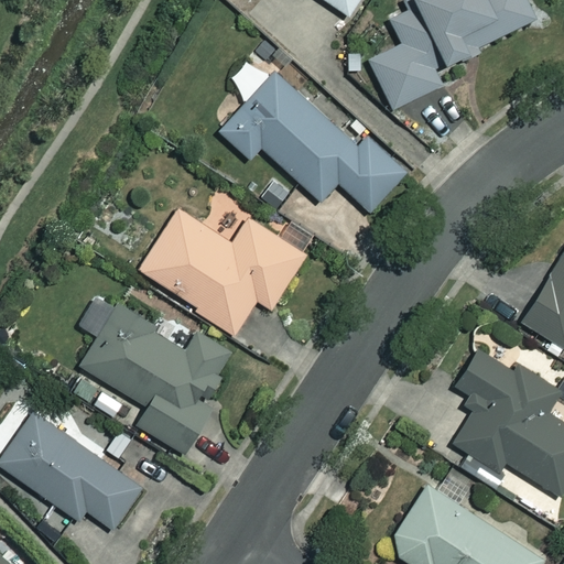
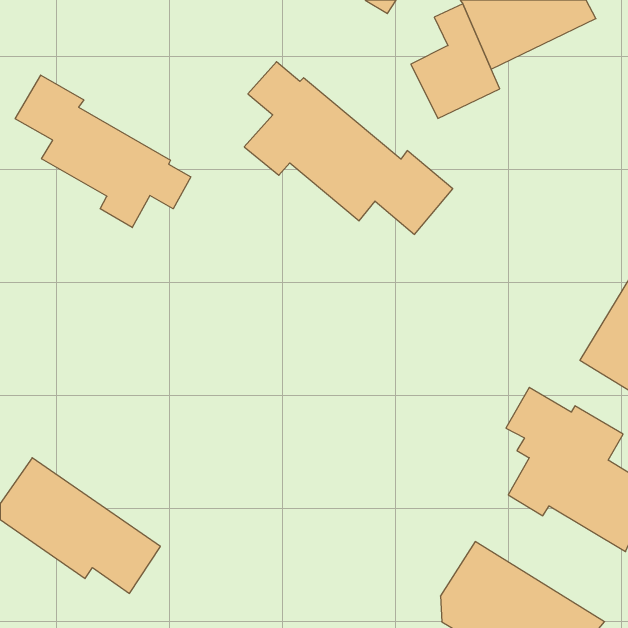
building: none -> [15,75,191,228]
building: [138,208,305,336] -> none
building: [76,301,232,455] -> none

